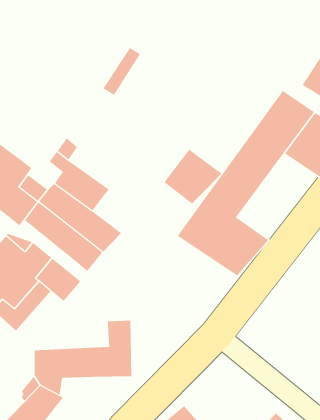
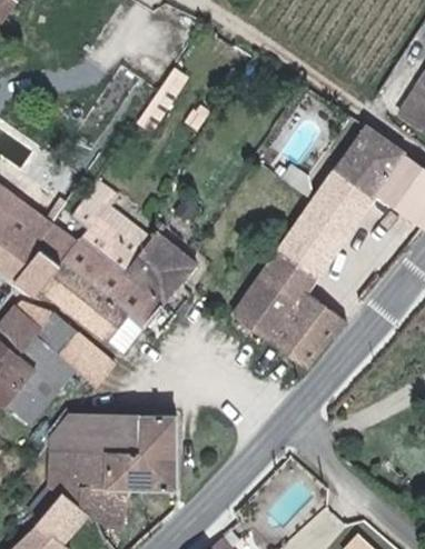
building: [163,149,222,204] -> [126,233,200,303]
building: none -> [50,415,146,451]
building: none -> [85,486,134,531]

